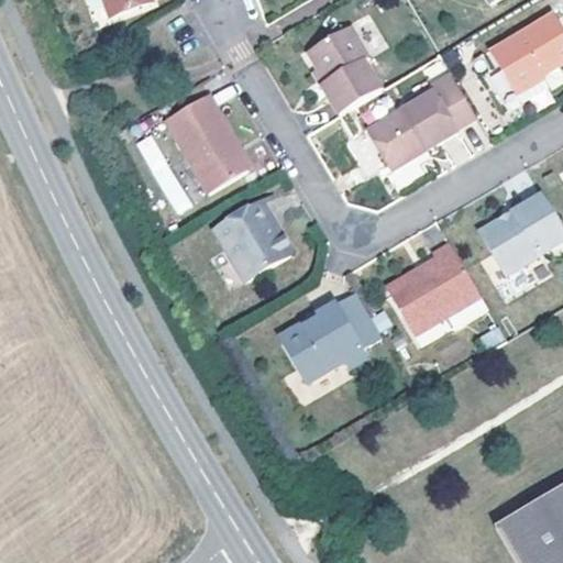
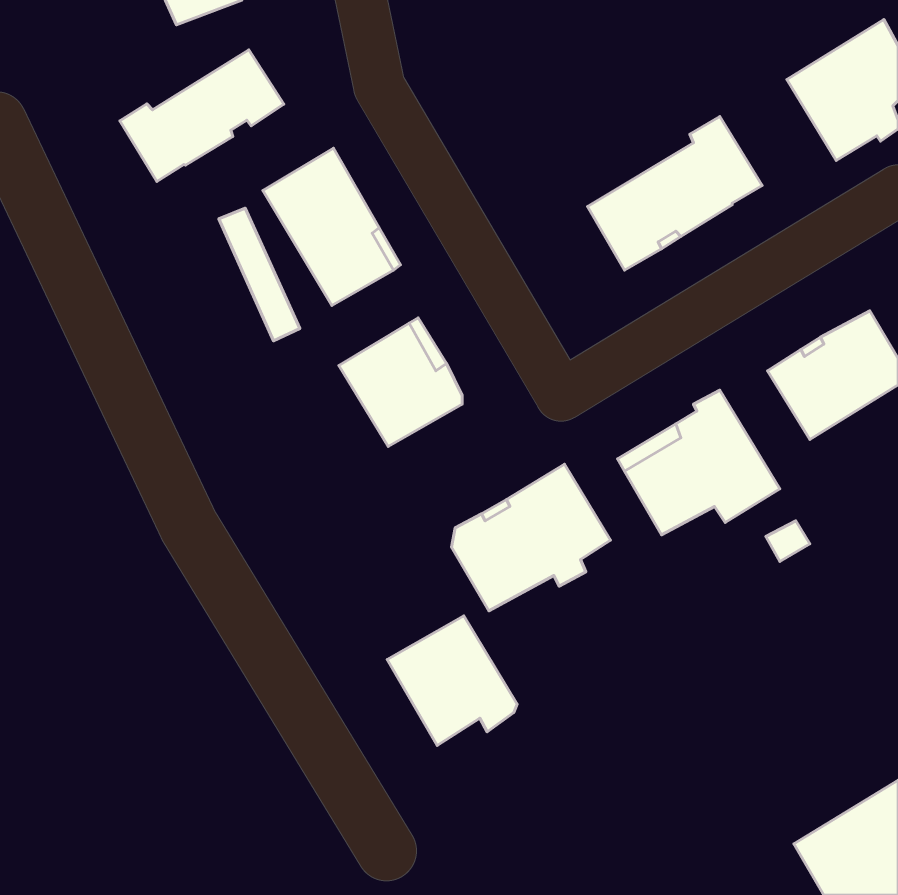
building: [307,24,380,113] -> none
building: none -> [120,50,284,182]
building: none -> [387,616,517,746]

